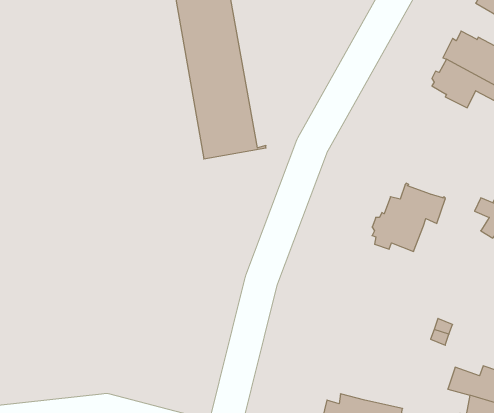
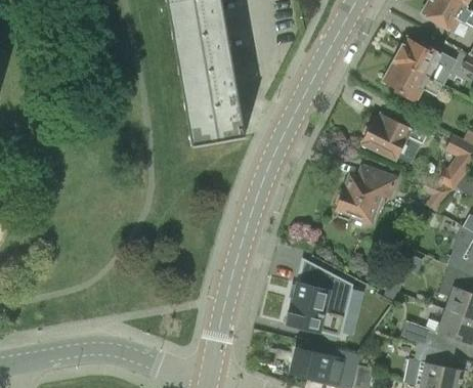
building: none -> [363,114,428,161]
building: none -> [286,257,353,337]

